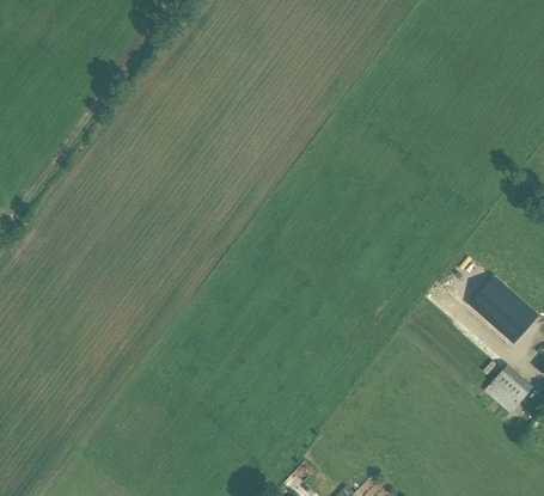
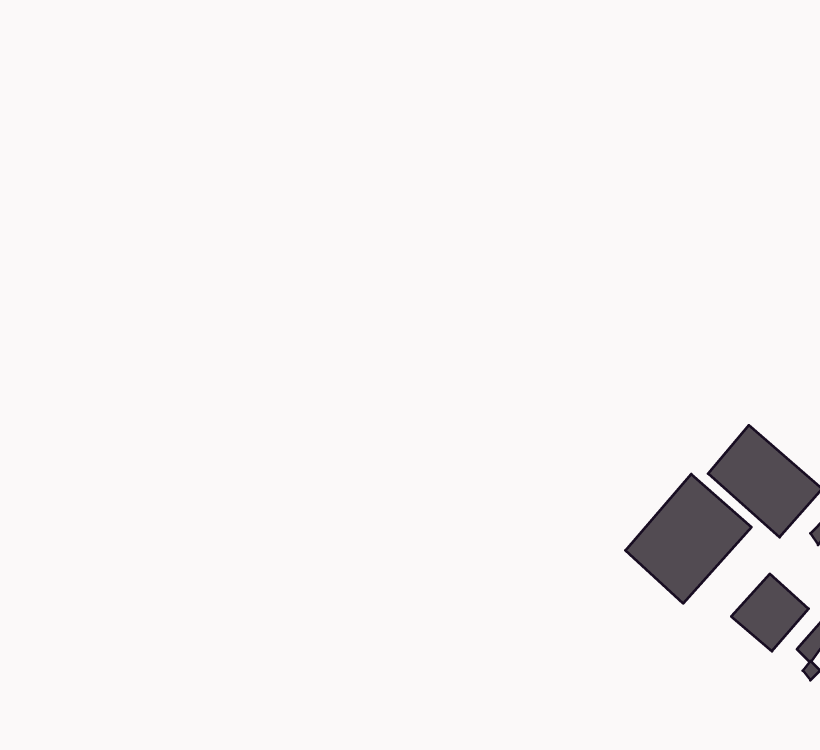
building: none -> [625,474,751,603]

